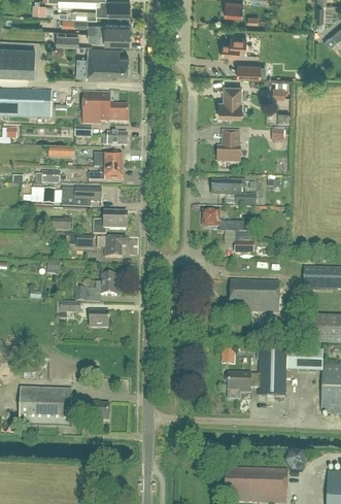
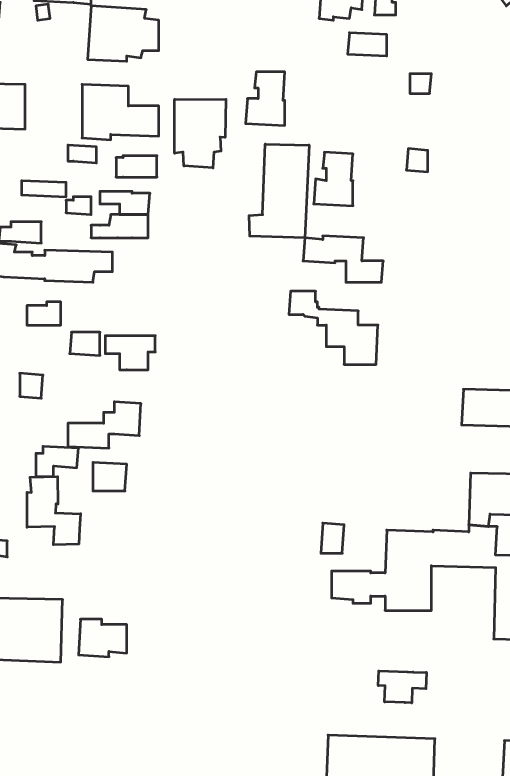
building: [219,83,242,114] -> [246,72,285,125]
building: none -> [175,99,226,168]
building: none -> [249,144,309,238]
building: [93,210,127,230] -> none
building: [230,279,279,311] -> none
building: none -> [27,477,81,545]
building: none -> [378,671,426,703]

